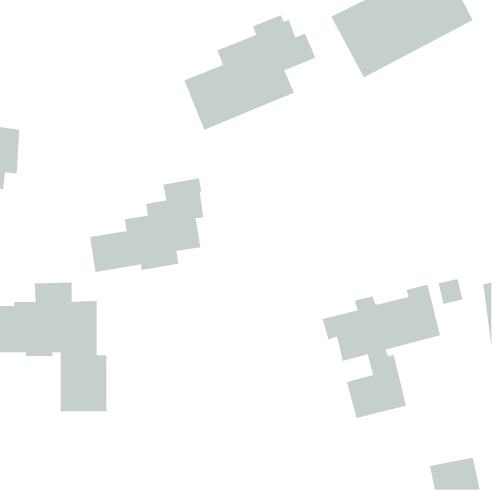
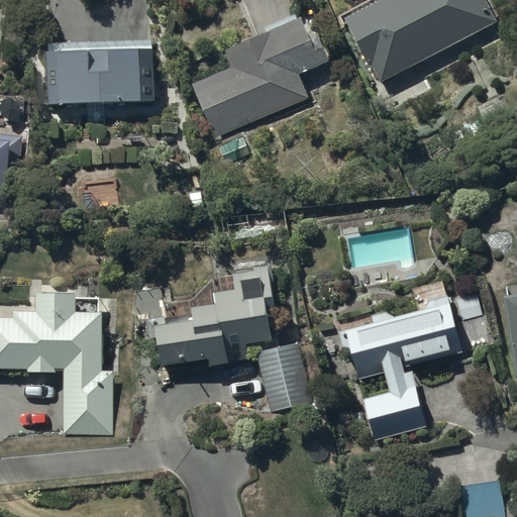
building: none -> [45,37,153,106]
building: [89,178,204,272] -> [156,268,276,367]
building: none -> [255,343,310,411]

